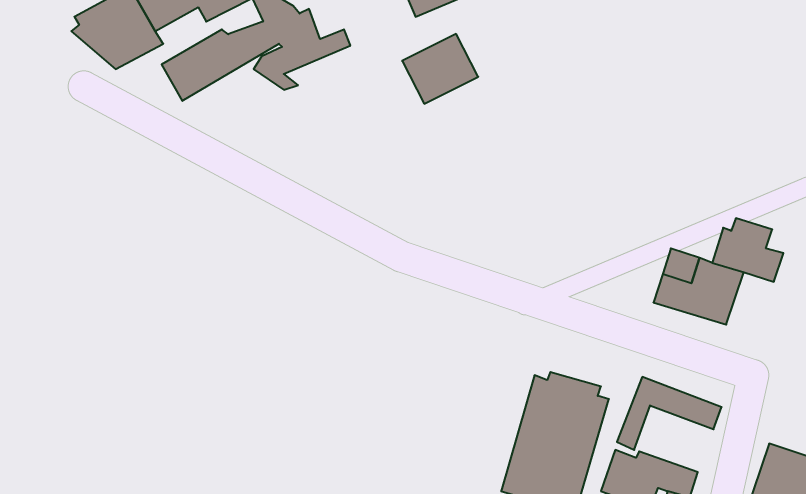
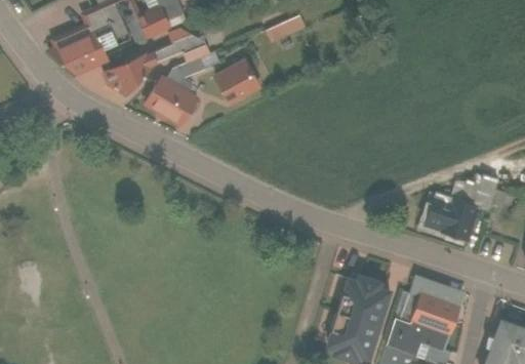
building: [402,34,478,104] -> [210,60,259,106]
building: none -> [140,74,195,126]
building: none -> [410,294,461,337]

